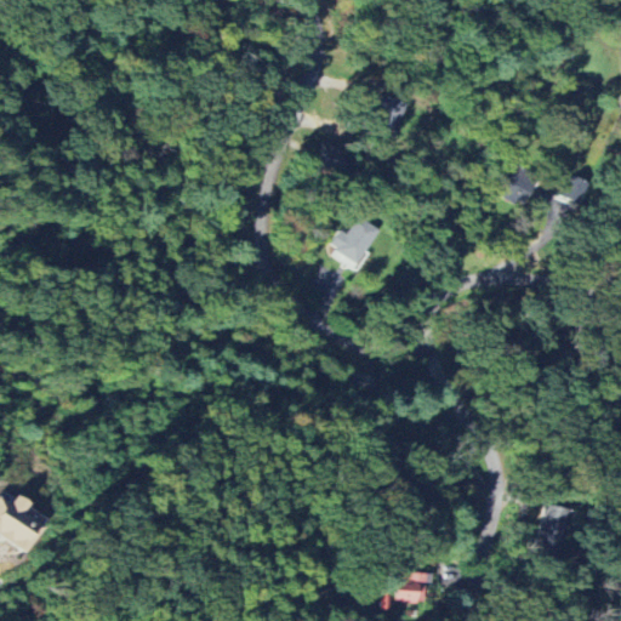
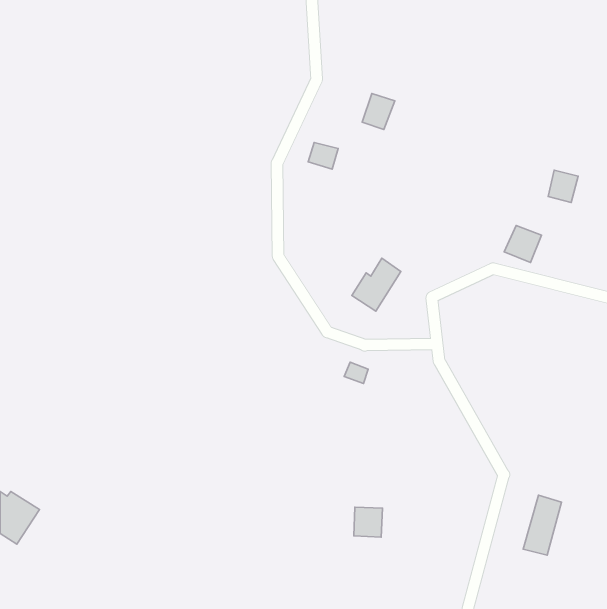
building: [500,169,537,206] -> [504,225,541,263]
building: [331,215,381,268] -> [352,258,401,311]
building: [399,570,428,600] -> [354,507,382,537]

